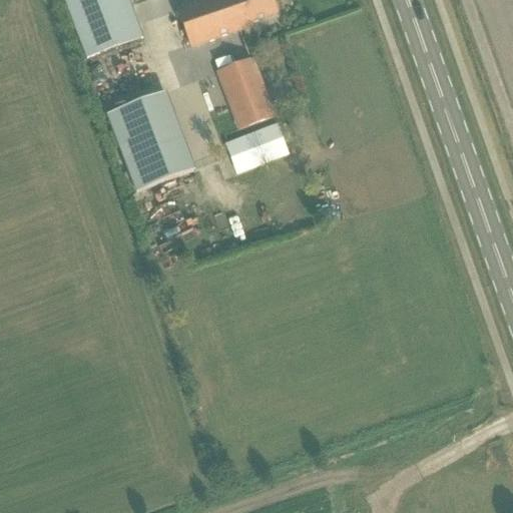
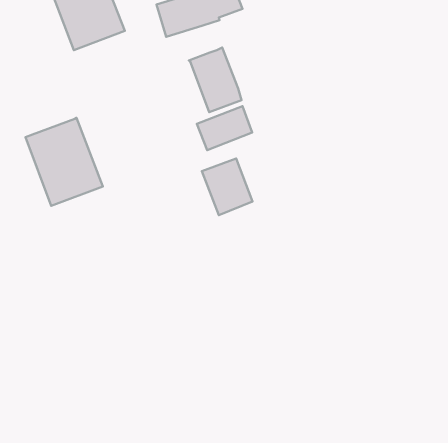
building: [107,89,195,189] -> [26,118,103,206]
building: none -> [202,158,252,215]

